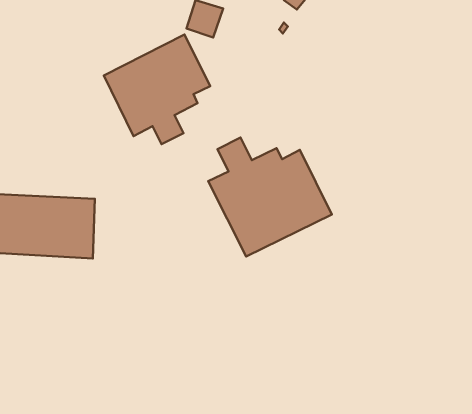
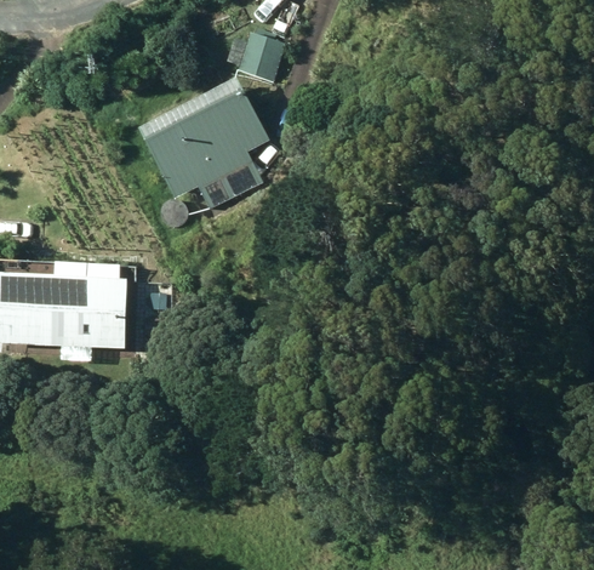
building: [208,138,332,257] -> none

